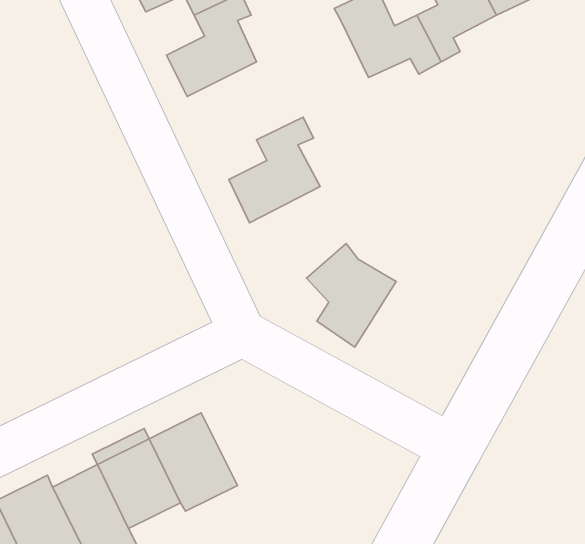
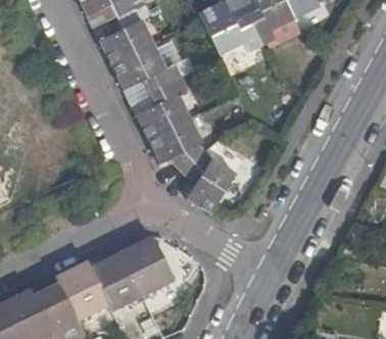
building: none -> [111,44,180,90]
building: none -> [148,117,205,172]
building: none -> [119,236,173,294]

